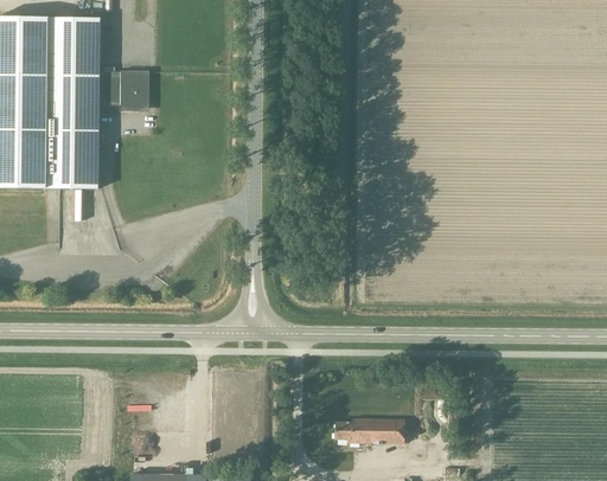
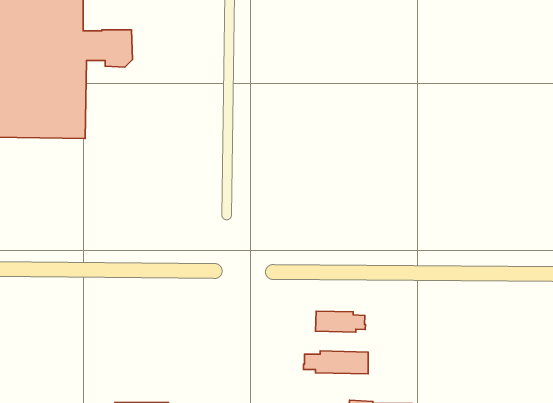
building: none -> [315,311,365,332]

